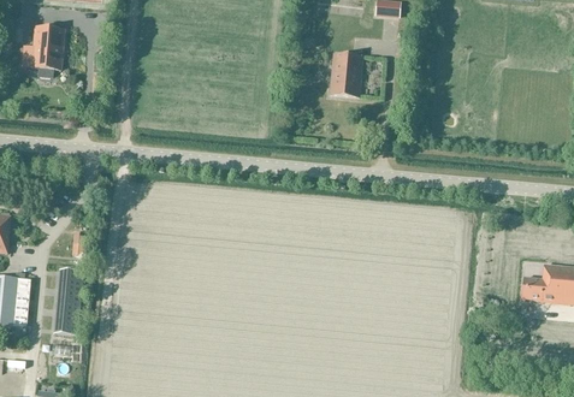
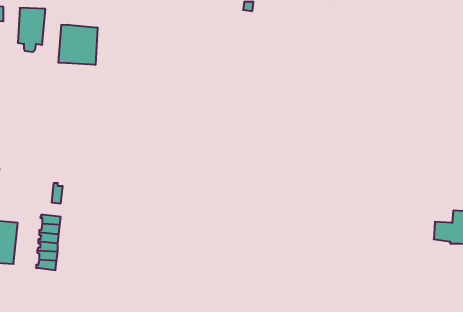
building: none -> [58,25,97,65]
building: [330,52,362,96] -> none

